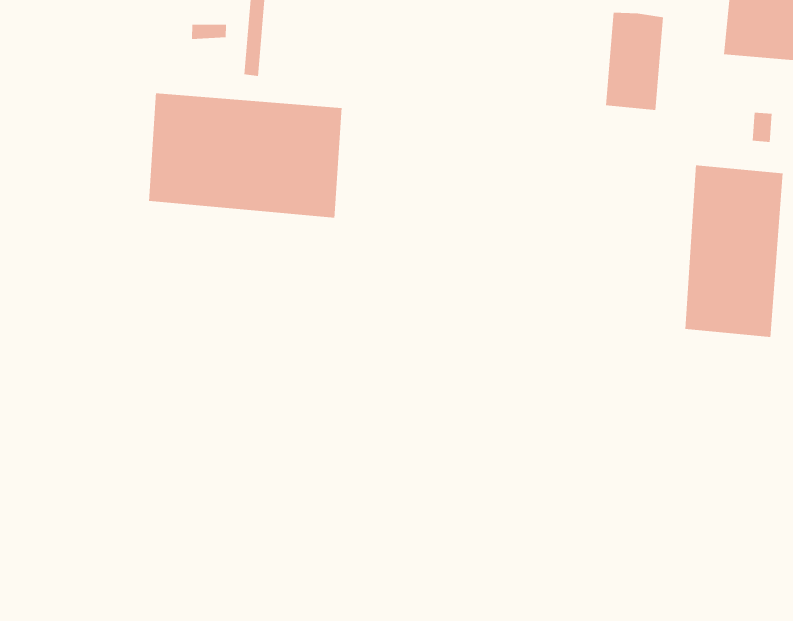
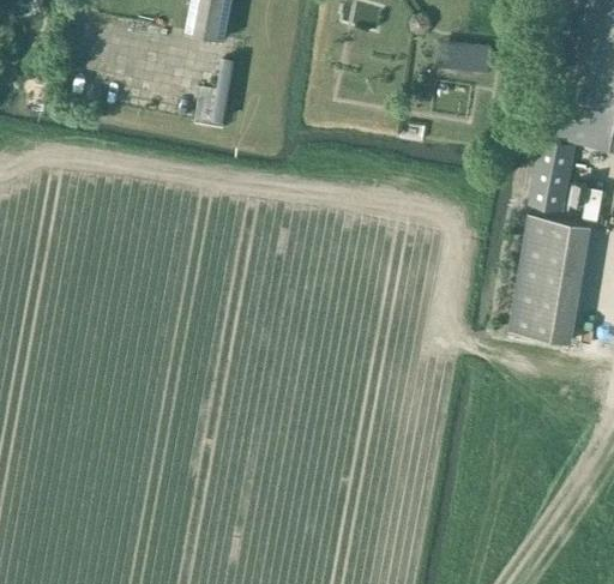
building: [605,12,664,111] -> [528,139,576,212]
building: [149,92,342,219] -> none

